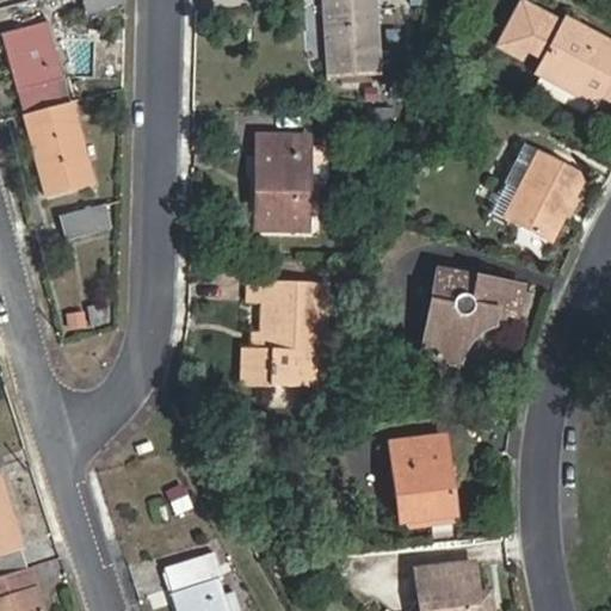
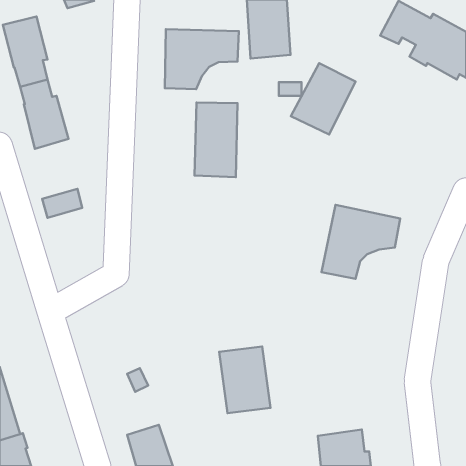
building: none -> [165,29,239,89]
building: [501,149,586,242] -> [291,63,356,134]
building: [58,202,111,240] -> [42,189,82,218]
building: [239,280,321,385] -> none
building: [388,434,455,521] -> [219,346,270,413]

